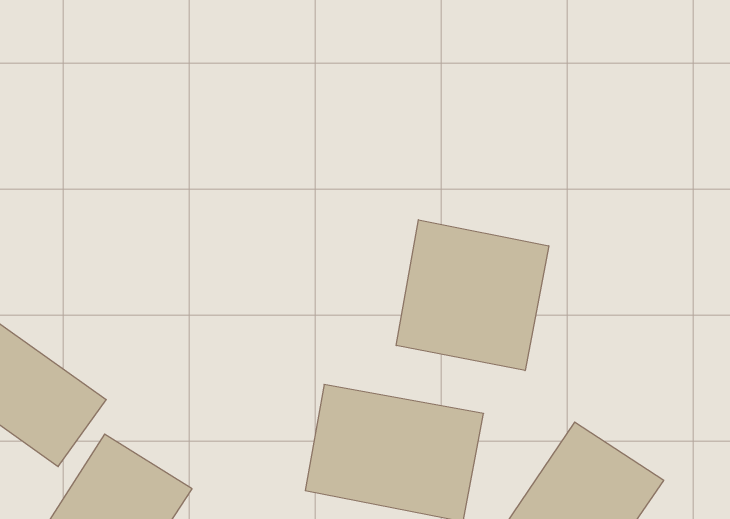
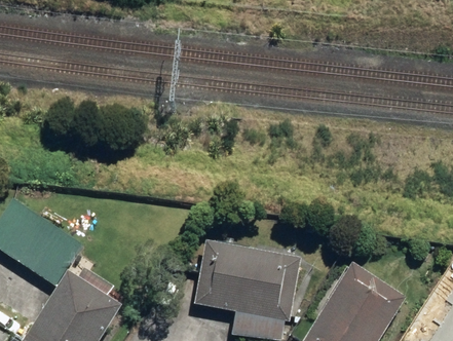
building: [396,220,549,371] -> none

